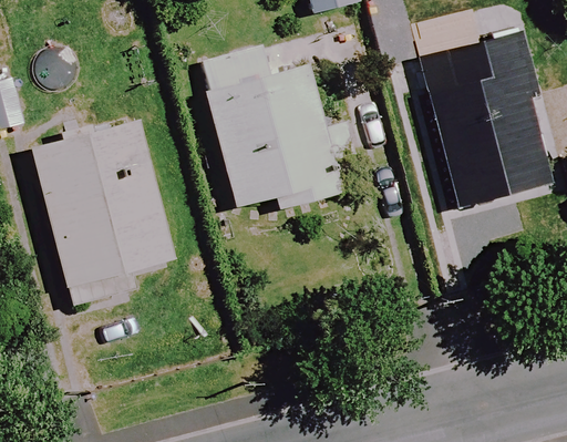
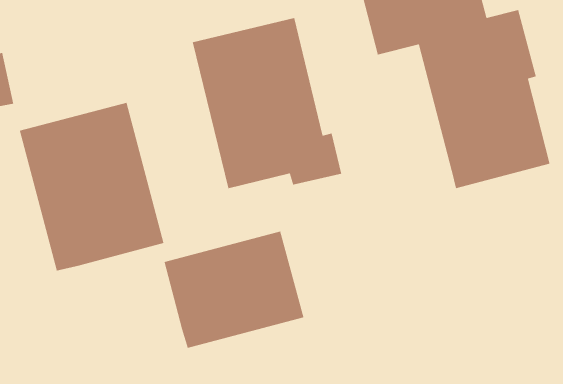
building: none -> [164,230,304,349]

